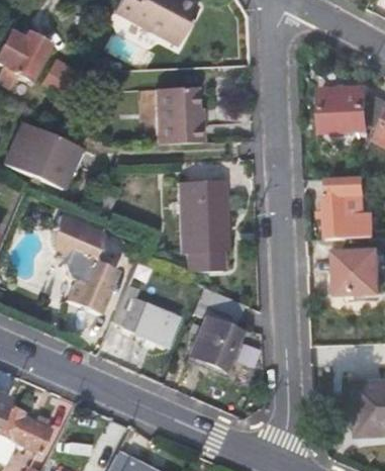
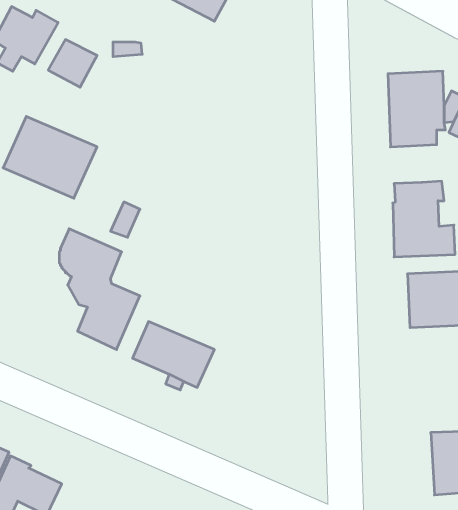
building: [160,88,207,145] -> none
building: [179,180,226,271] -> none
building: [190,286,246,370] -> none

